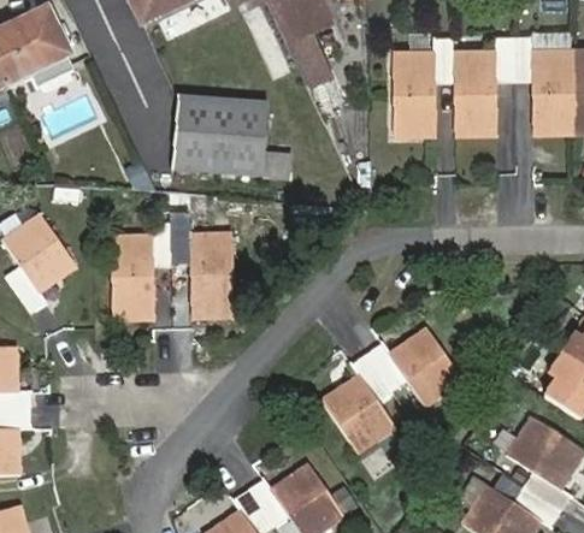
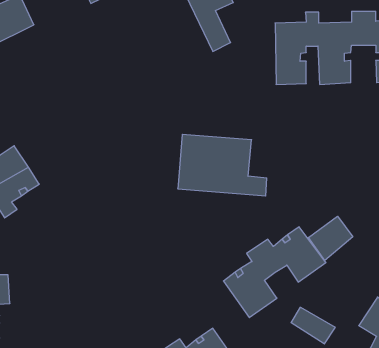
building: [170,95,290,178] -> [178,134,267,196]
building: [112,221,232,319] -> none
building: none -> [308,216,353,260]
building: none -> [291,307,335,344]

